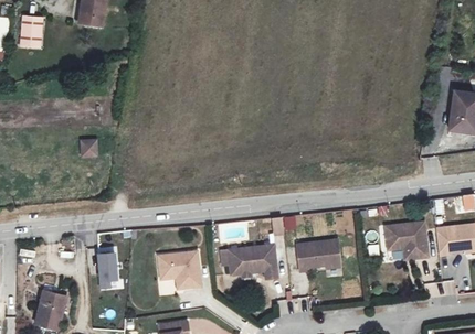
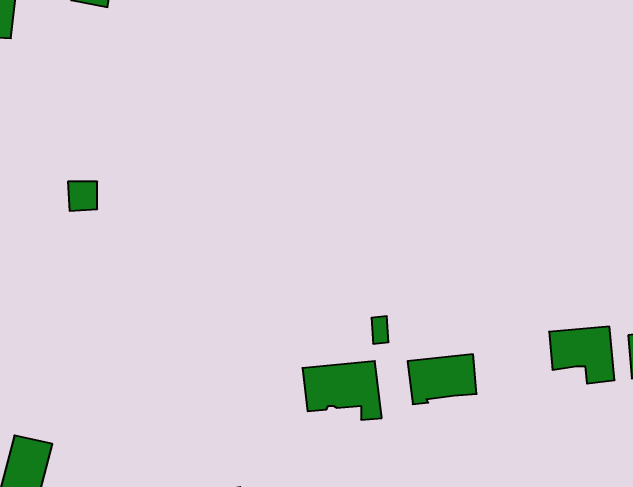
building: [95,243,117,280] -> none
building: [159,254,201,289] -> none

